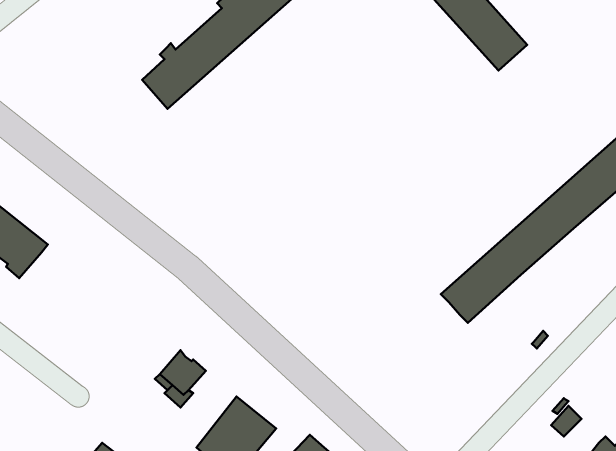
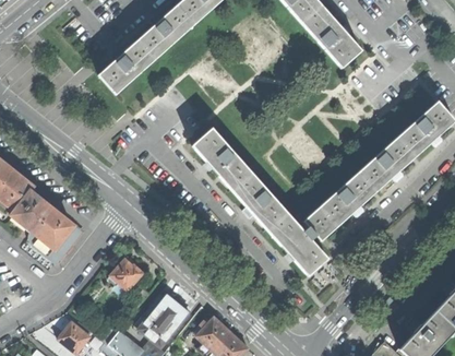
building: none -> [192,127,328,274]
building: none -> [12,191,80,262]

